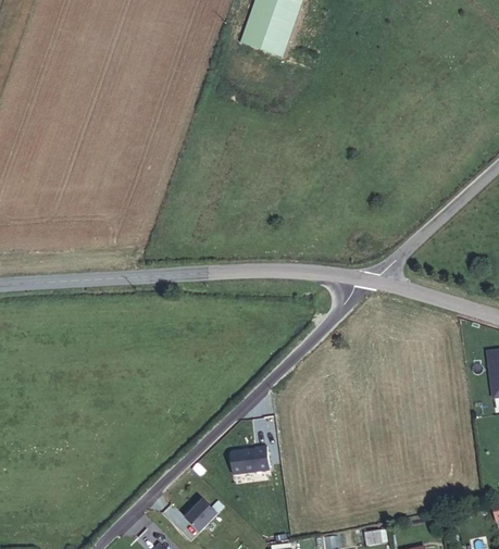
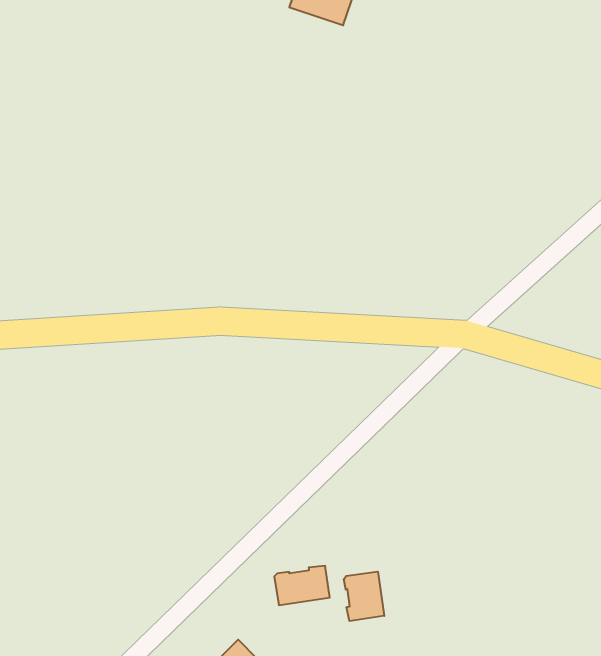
building: none -> [344,572,384,621]

